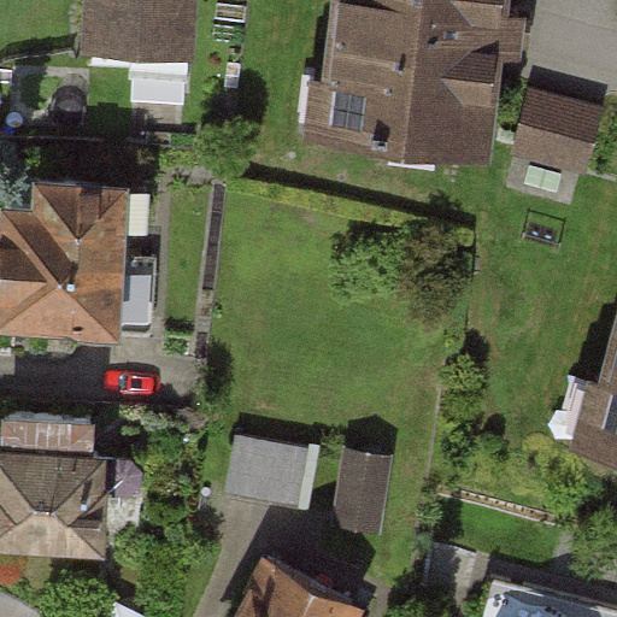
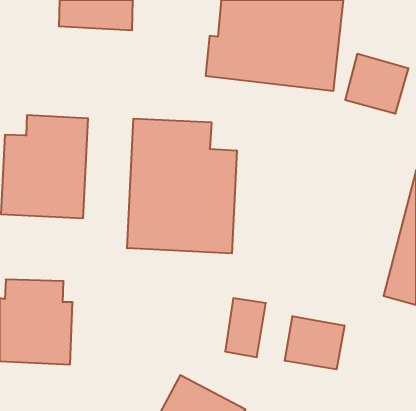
building: none -> [127,119,237,253]
building: [227,439,310,511] -> none
building: none -> [285,316,344,369]

